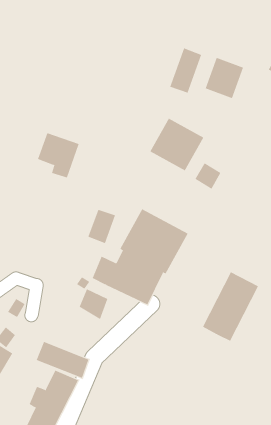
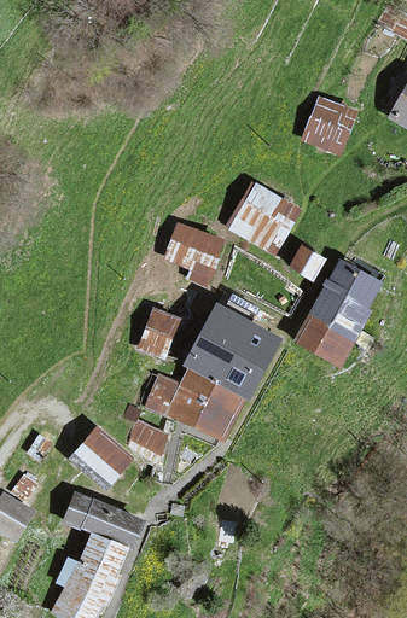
building: [169,48,202,94] -> none
building: [37,133,80,178] -> [164,223,223,287]
building: [202,272,259,342] -> [300,261,379,358]
building: none -> [72,428,130,485]

